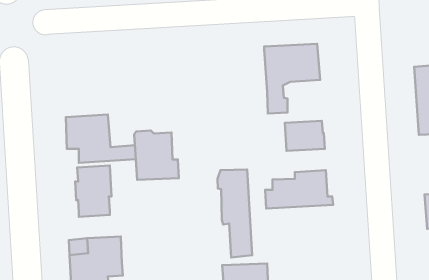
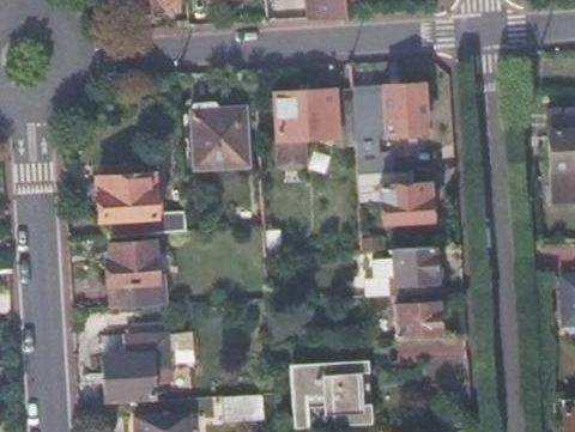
building: none -> [276,92,359,147]
building: [134,131,179,180] -> [193,105,250,169]
building: [218,169,252,257] -> none
building: none -> [398,304,441,340]

